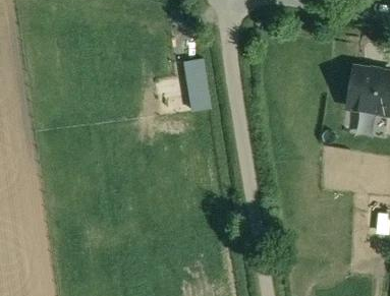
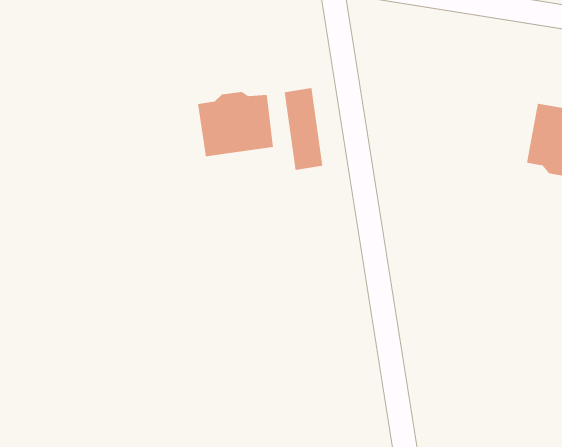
building: none -> [197,91,273,157]

